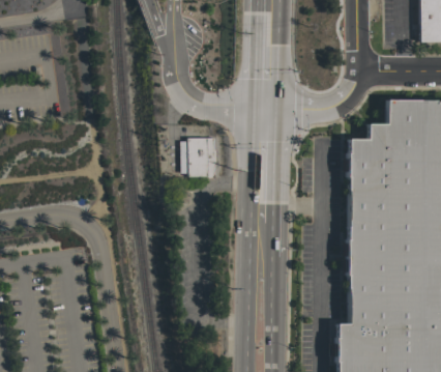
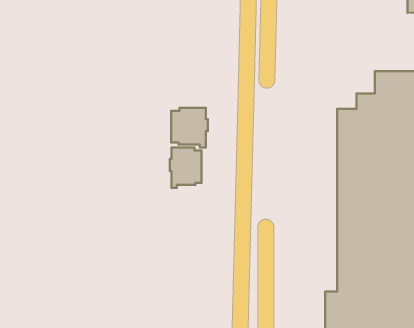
building: none -> [170,147,202,188]

